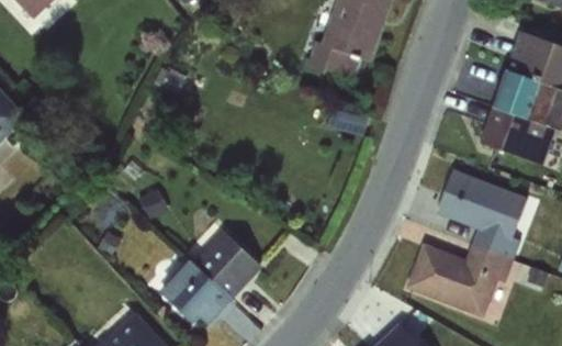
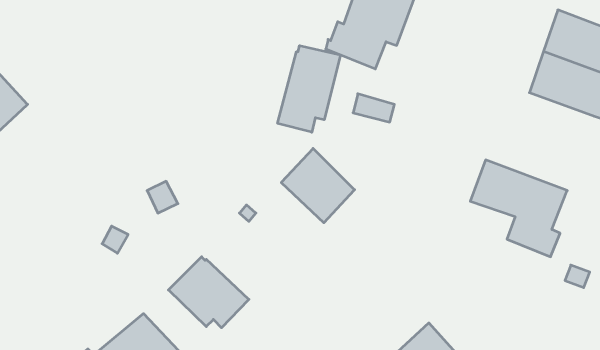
building: none -> [278,46,341,132]
building: [480,107,553,164] -> none
building: [193,230,261,299] -> [281,148,355,223]
building: [405,243,513,317] -> none

